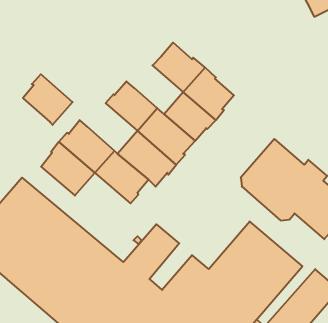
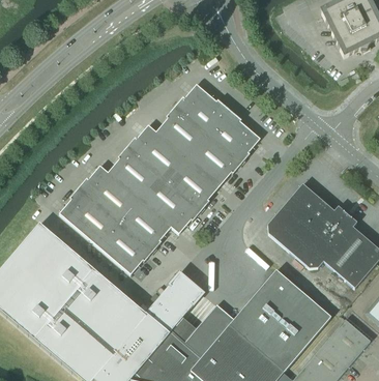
building: none -> [157,107,208,157]
building: [23,74,73,125] -> [109,146,161,199]
building: none -> [95,218,153,273]

